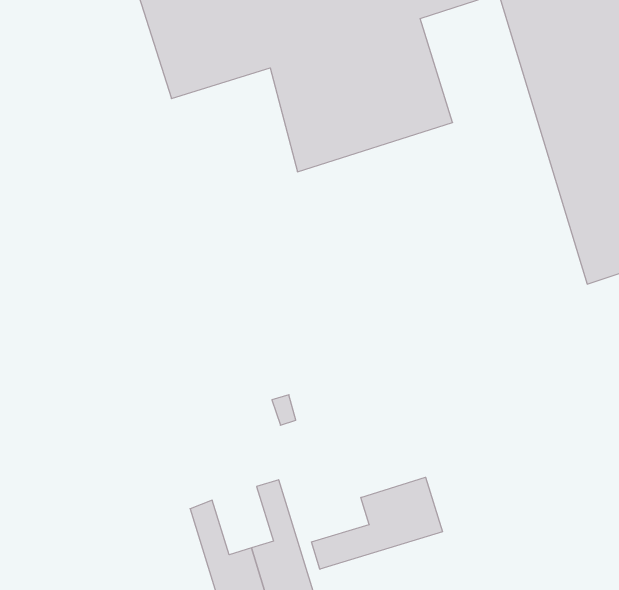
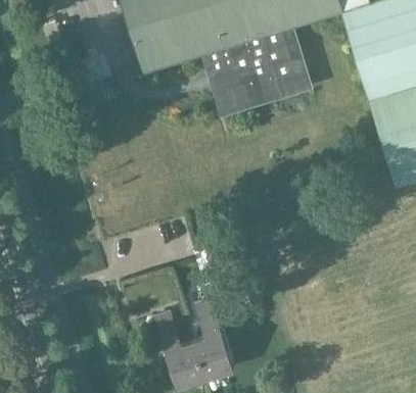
building: [312,477,442,569] -> none

